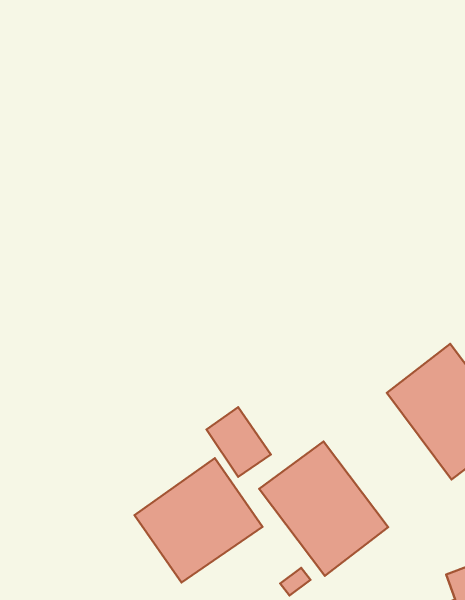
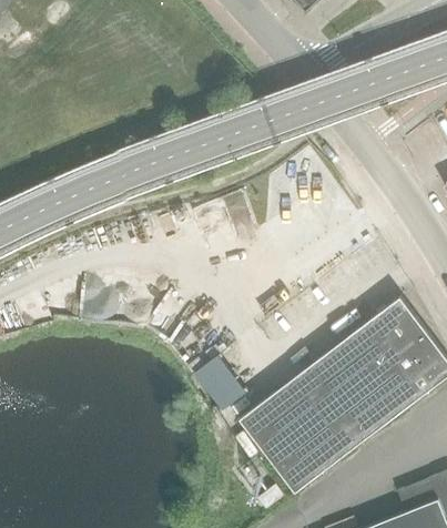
building: none -> [294,338,402,451]
building: [134,458,262,583] -> none

